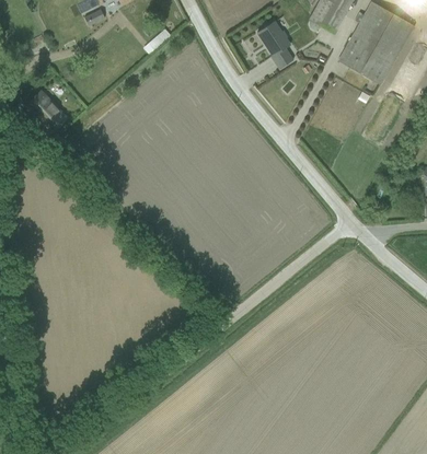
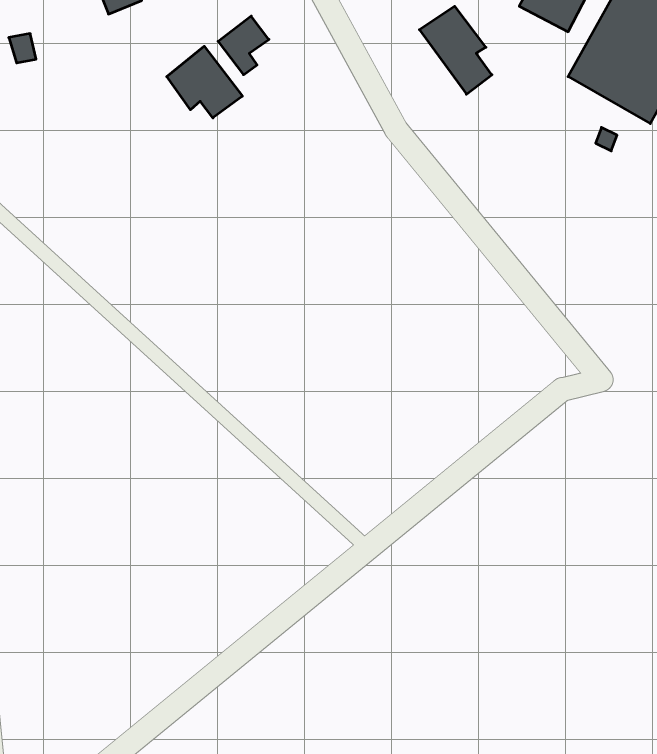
building: none -> [167,46,242,118]
building: [27,91,67,131] -> none

